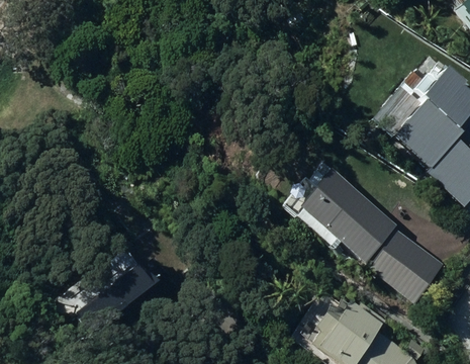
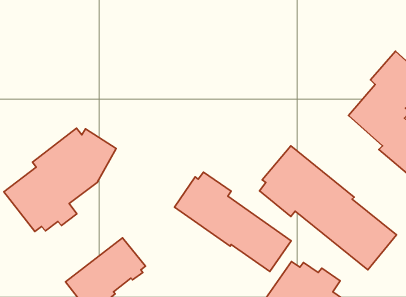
building: none -> [4,128,116,232]
building: none -> [175,172,291,271]

